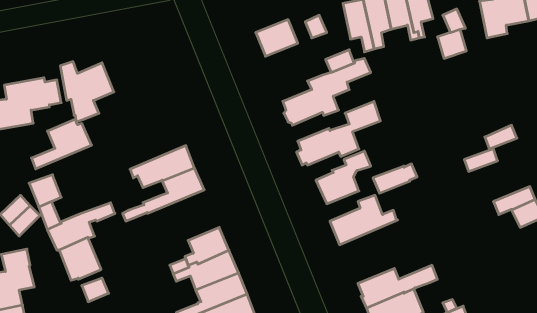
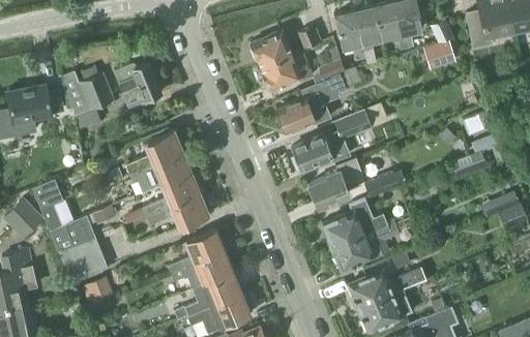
building: none -> [260,50,312,89]
building: none -> [116,63,163,108]
building: [31,119,92,169] -> [125,127,183,175]
building: none -> [146,194,209,228]
building: none -> [331,220,400,270]

